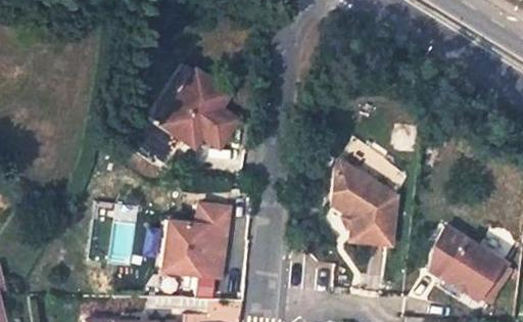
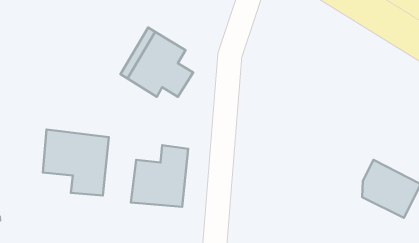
building: [330,159,394,244] -> none
building: none -> [43,130,109,195]

